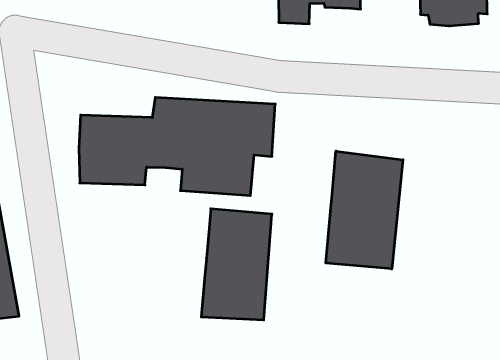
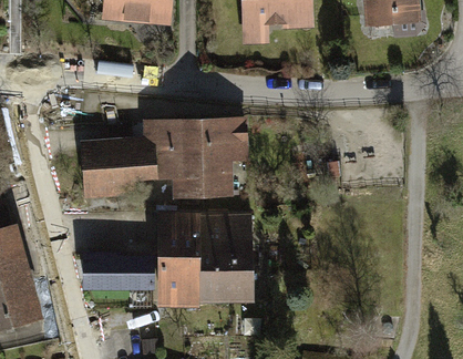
building: [326,151,403,269] -> none
building: none -> [83,211,200,307]

